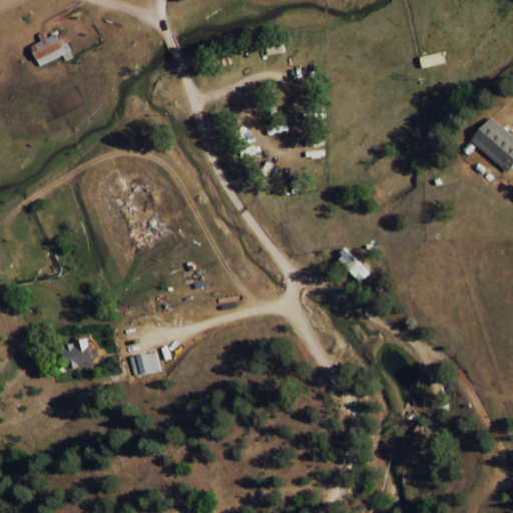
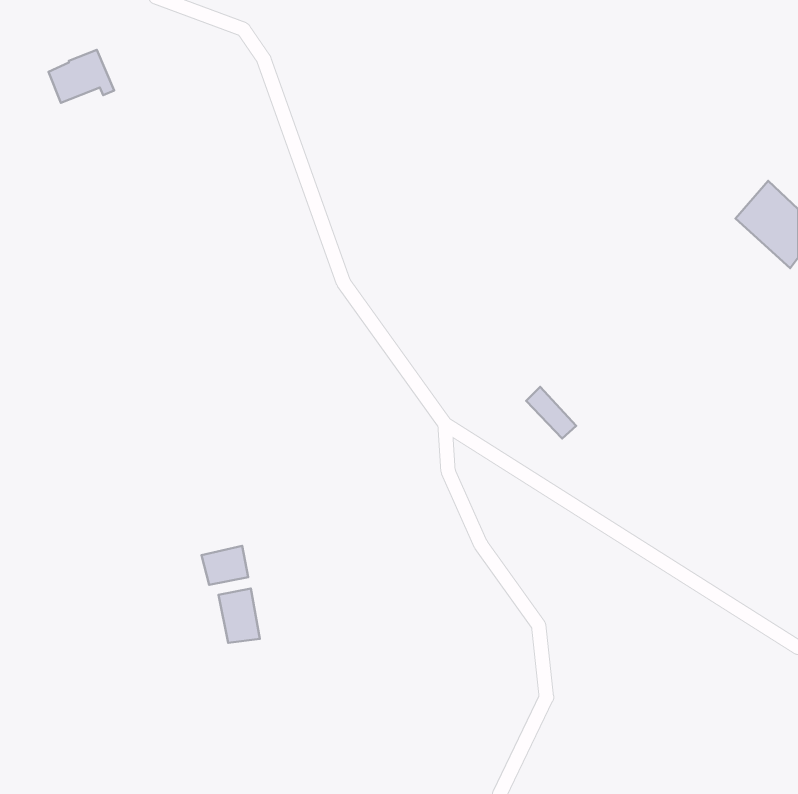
building: [62,338,95,370] -> none
building: none -> [218,588,260,643]

